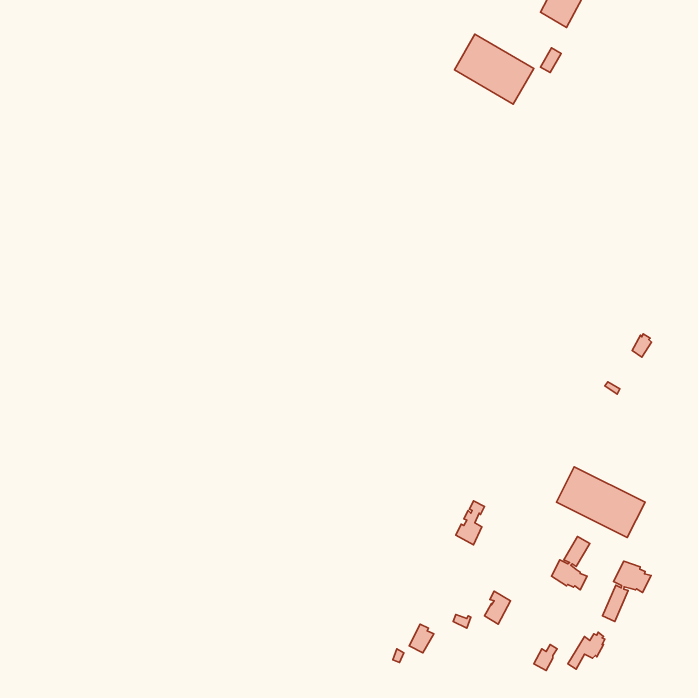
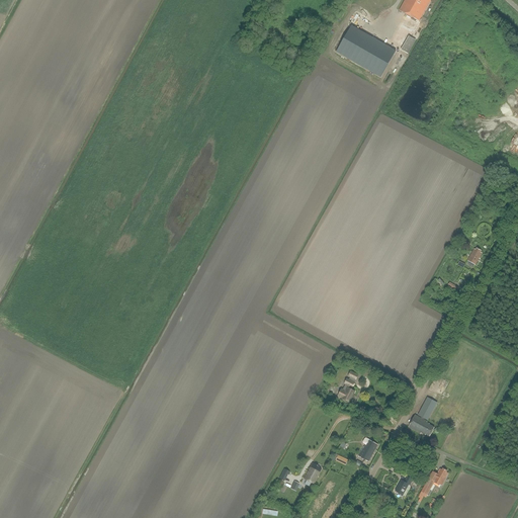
building: [556,467,645,538] -> none
building: [602,561,651,621] -> none

